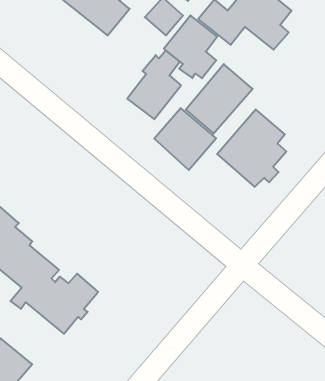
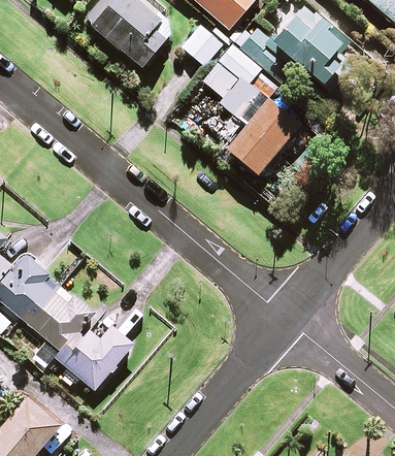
building: [127,51,181,119] -> none
building: [154,108,216,170] -> none
building: [217,109,286,187] -> none

